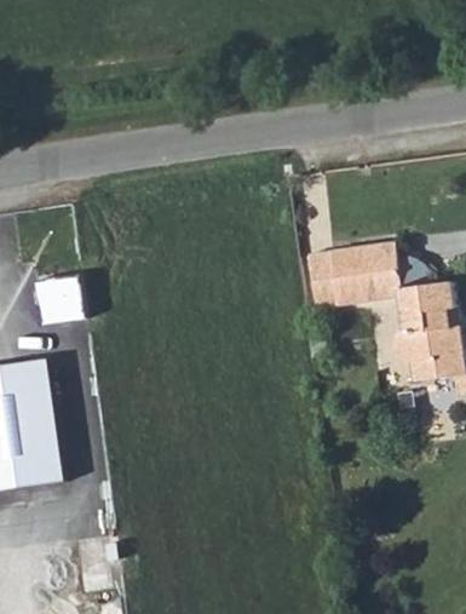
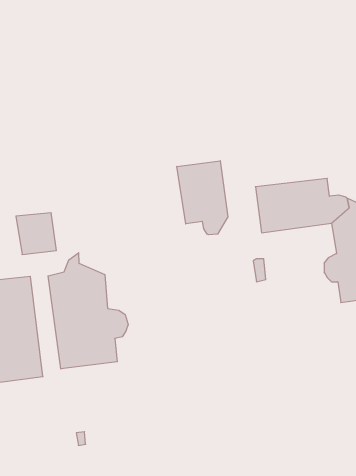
building: none -> [177,161,228,235]
building: none -> [48,253,128,369]

